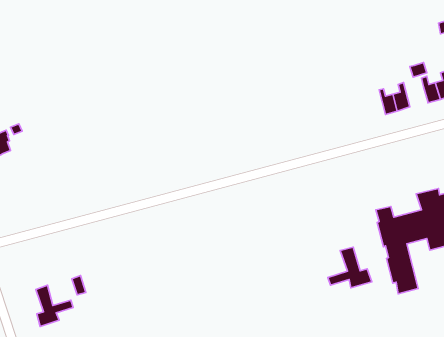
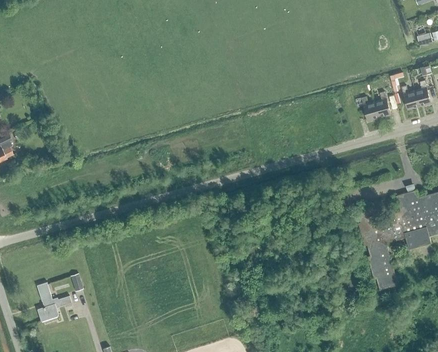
building: [328,247,372,288] -> none

